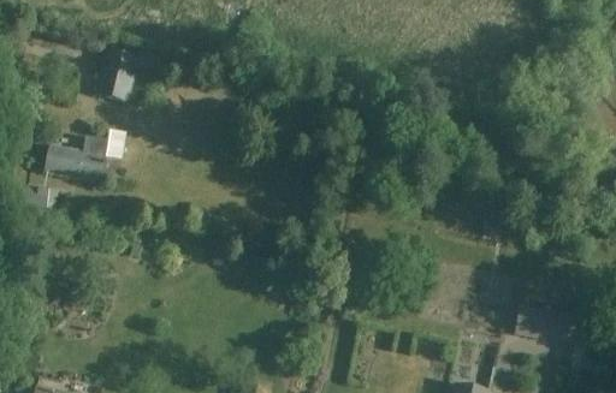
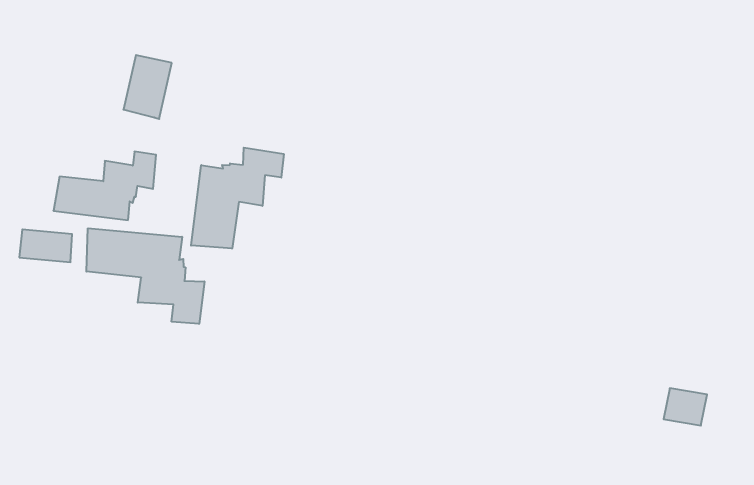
building: none -> [191,148,284,249]
building: none -> [86,228,204,324]

